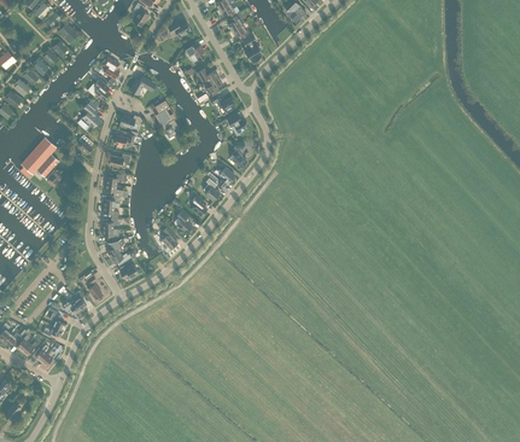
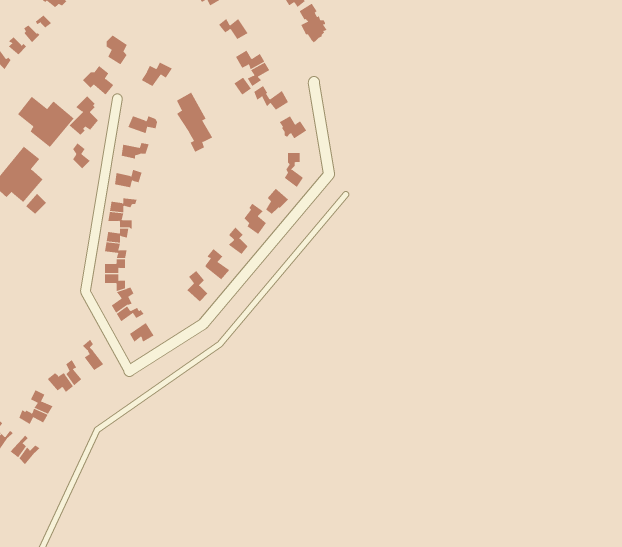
building: none -> [17,96,74,148]

